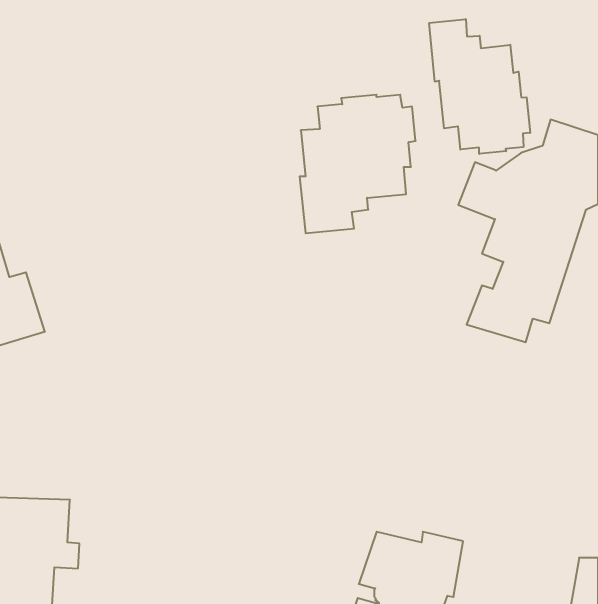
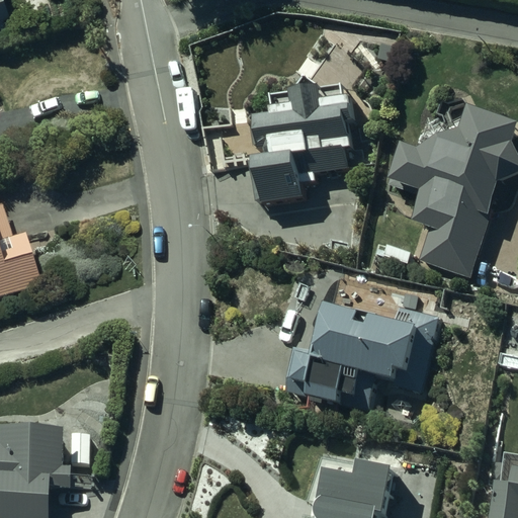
building: [429,19,530,154] -> none
building: none -> [283,299,438,411]

